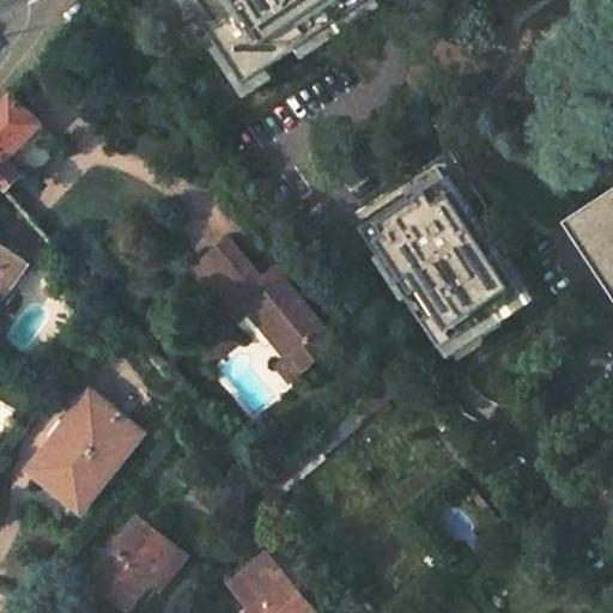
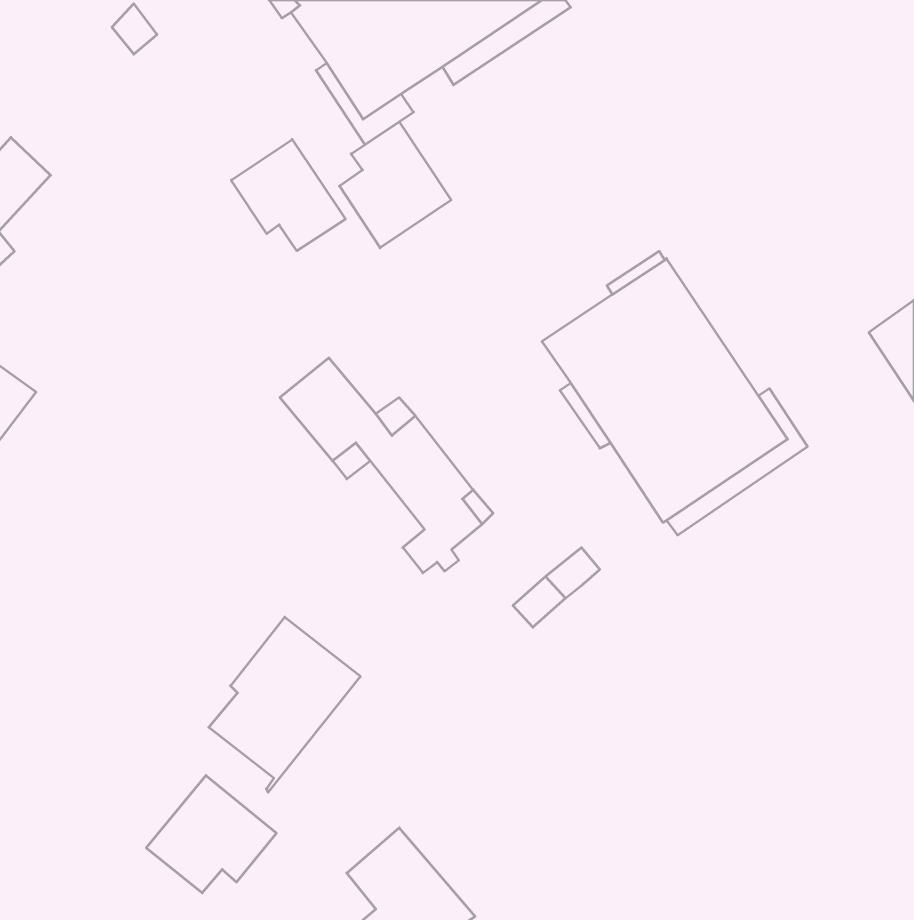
building: none -> [339,122,451,248]
building: none -> [231,139,345,251]
building: [35,395,135,511] -> [209,617,360,792]

